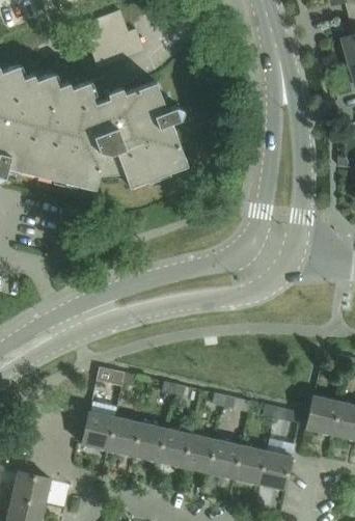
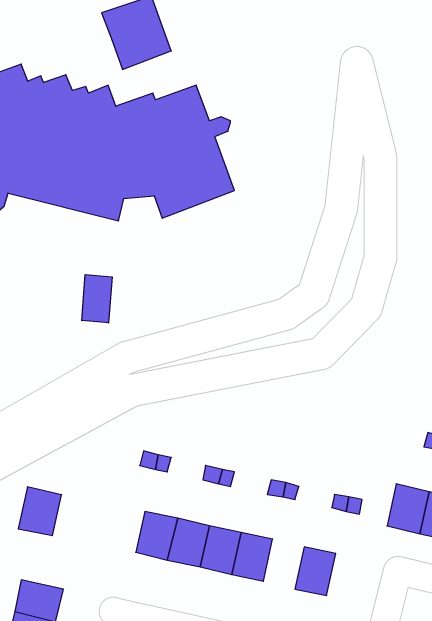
building: none -> [82,275,112,323]
building: [81,412,115,450] -> [18,487,62,536]
building: [209,440,241,479] -> none
building: [258,451,292,491] -> none

